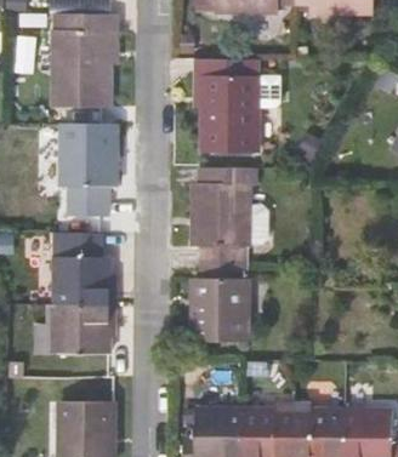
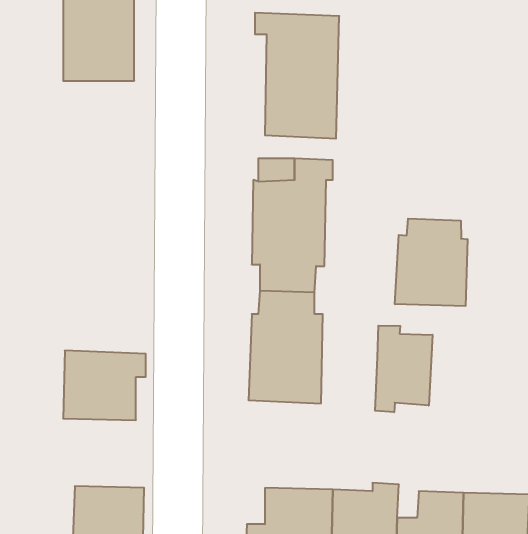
building: [63,126,118,218] -> none
building: none -> [395,219,467,306]
building: [56,241,115,307] -> none
building: none -> [375,326,432,412]

